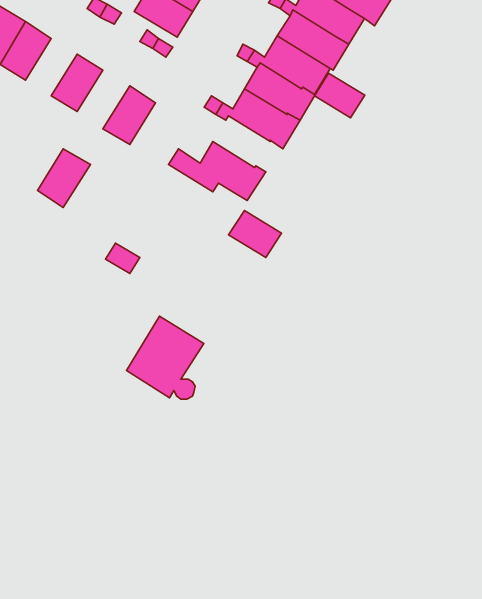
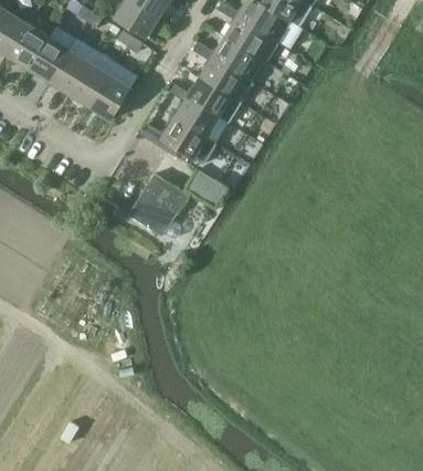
building: none -> [30,38,70,82]
building: [314,73,365,118] -> none
building: none -> [175,97,219,137]
building: [37,149,90,208] -> [70,62,110,107]
building: [127,316,204,399] -> [129,174,189,238]

